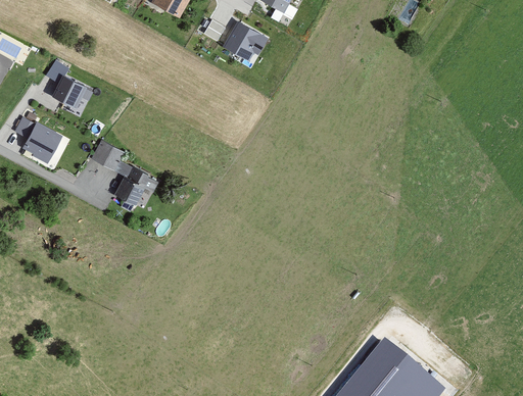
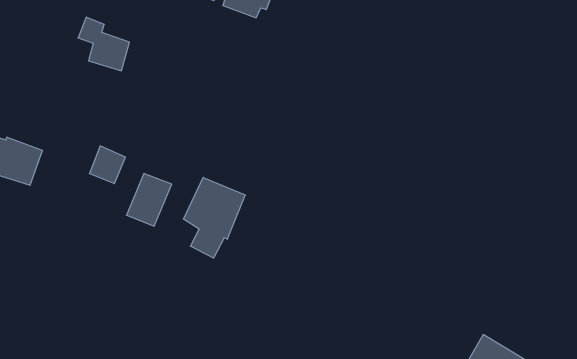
building: [46,60,86,107] -> [78,17,129,71]
building: none -> [184,177,245,258]

